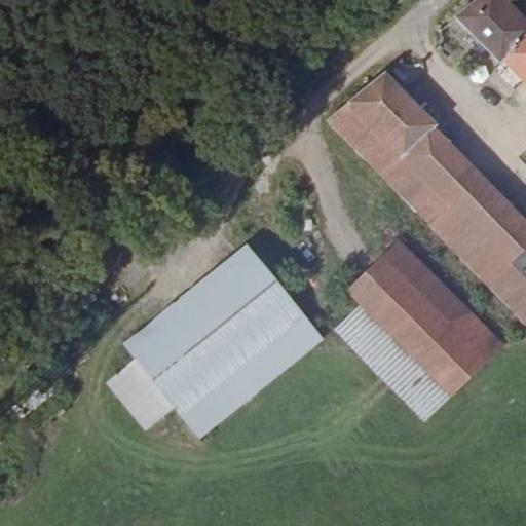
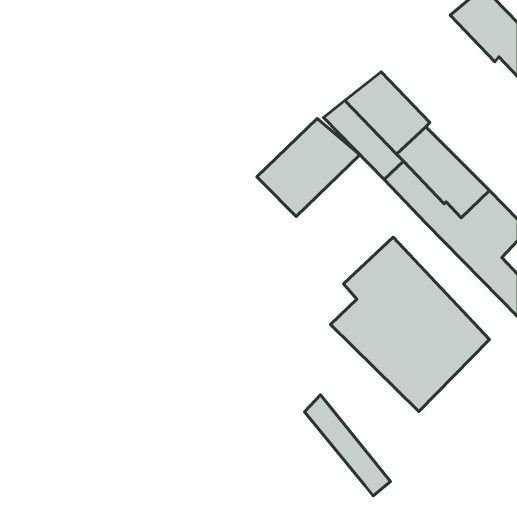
building: none -> [257,119,360,216]
building: [109,248,320,437] -> none
building: none -> [305,395,390,496]

